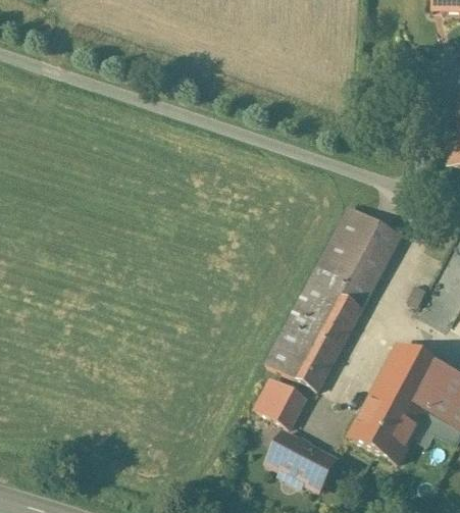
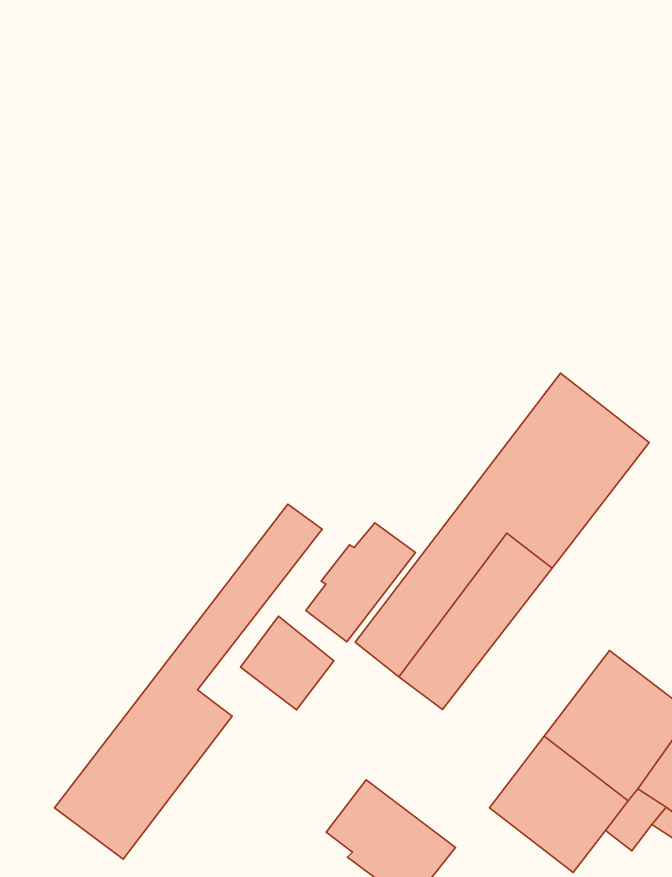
building: none -> [55,504,322,859]
building: none -> [306,523,416,642]
building: [257,377,305,424] -> [241,616,334,710]

